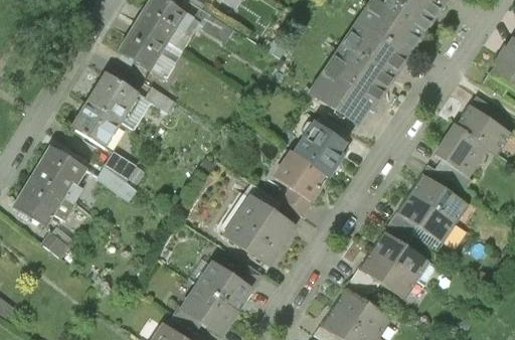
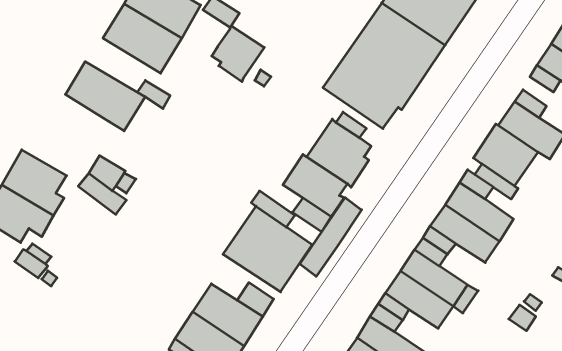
building: none -> [212,26,264,82]
building: [68,99,123,150] -> none
building: none -> [300,198,362,276]

